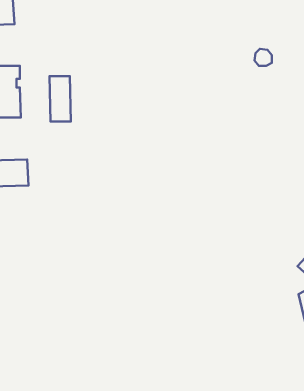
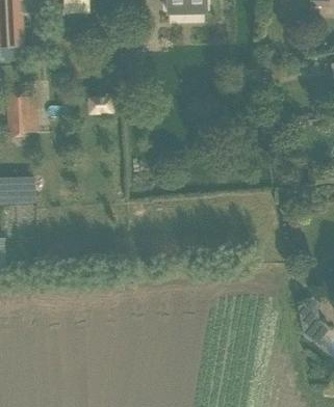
building: [49,76,71,122] -> none

